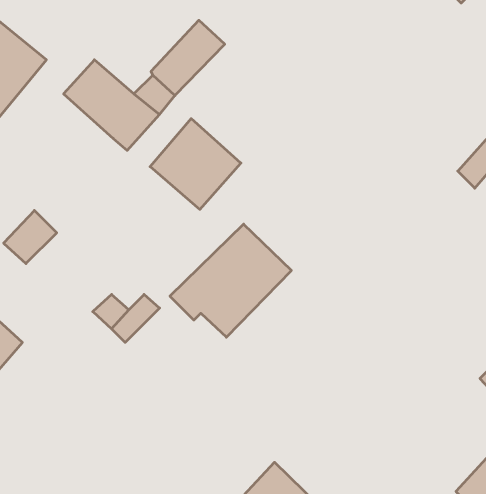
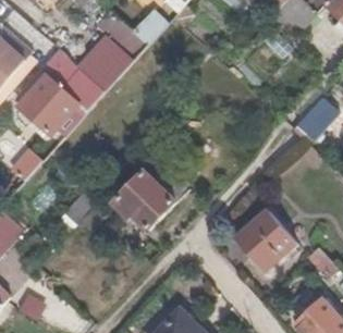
building: [150,119,241,209] -> [19,73,76,131]
building: none -> [234,209,294,270]

